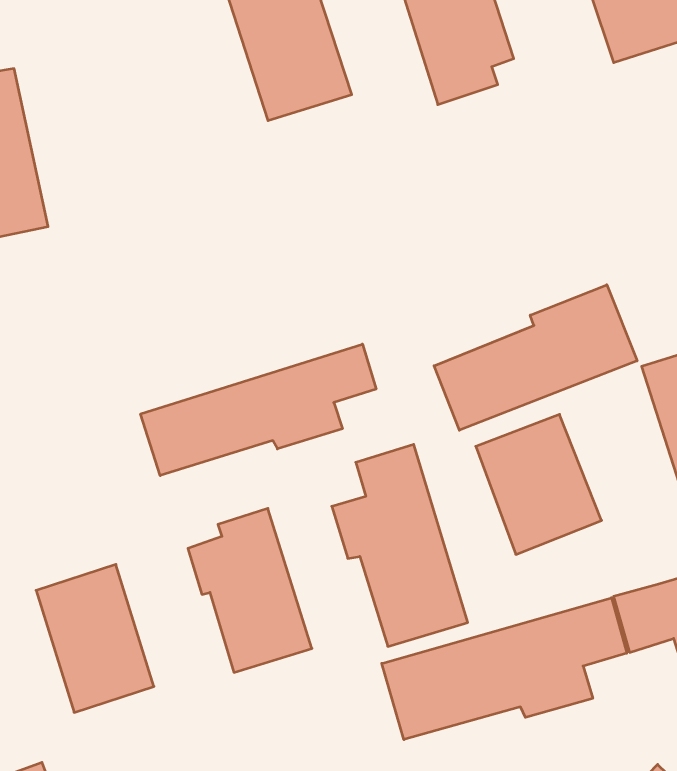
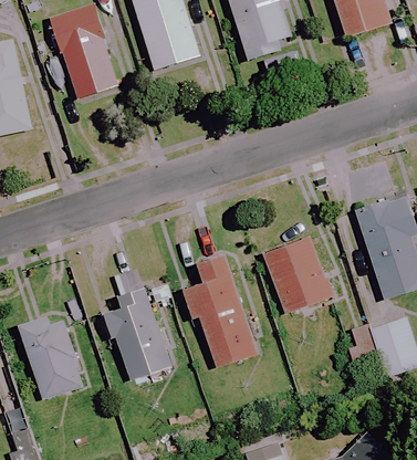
building: none -> [48,22,116,101]
building: [434,285,637,430] -> none
building: [141,344,376,476] -> none
building: [382,598,627,740] -> none

